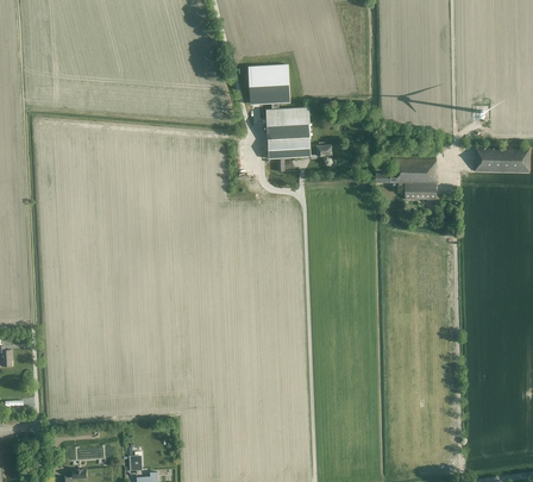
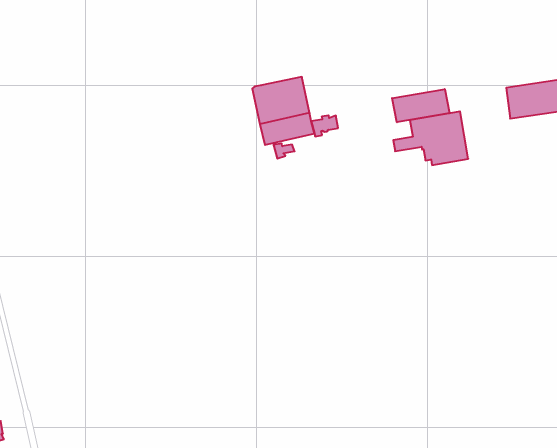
building: [251,64,290,108] -> none
building: none -> [392,89,449,122]

